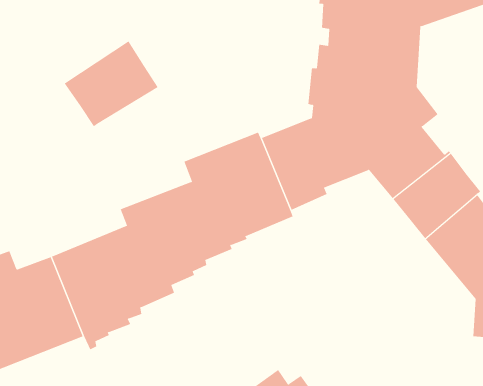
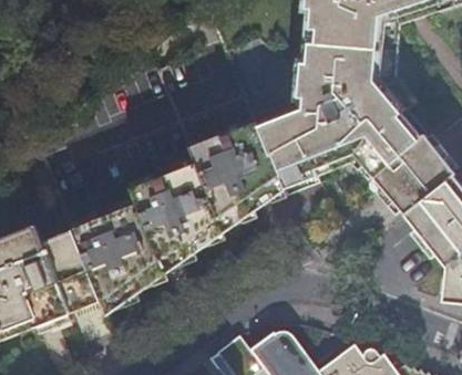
building: [64,40,159,127] -> none

